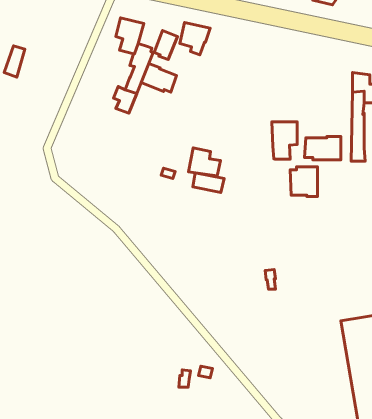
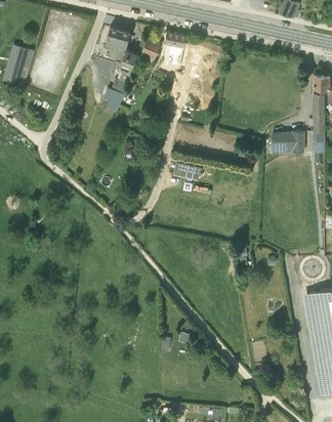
building: [141,63,176,92] -> none
building: [272,122,297,159] -> none
building: [188,148,220,176] -> none
building: [290,167,318,197] -> none

